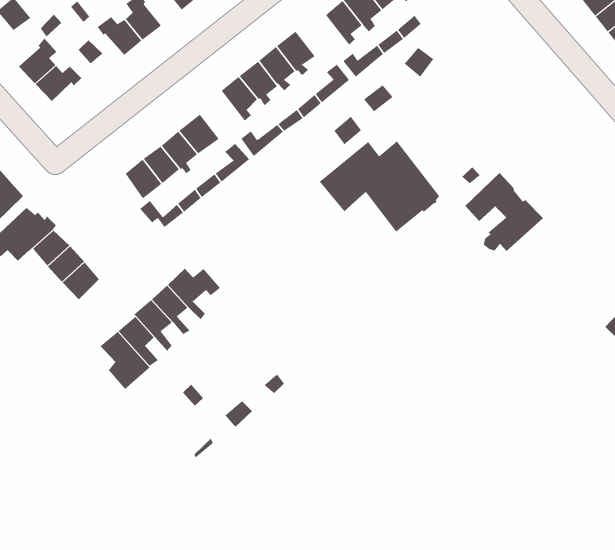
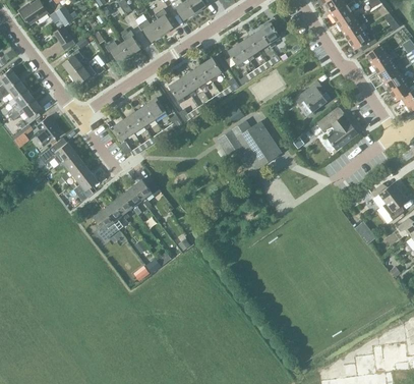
building: none -> [296,81,332,112]
building: [464,172,544,252] -> [317,107,359,150]

